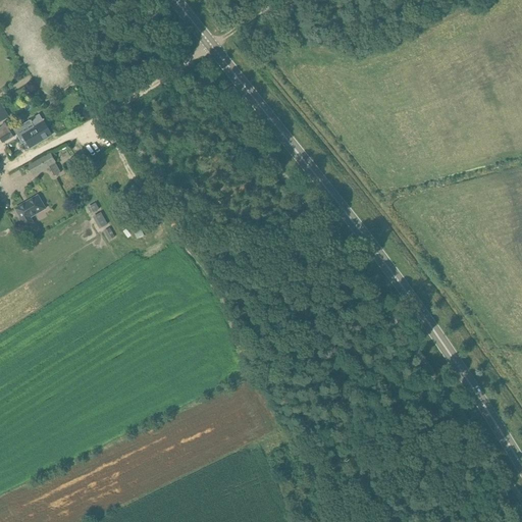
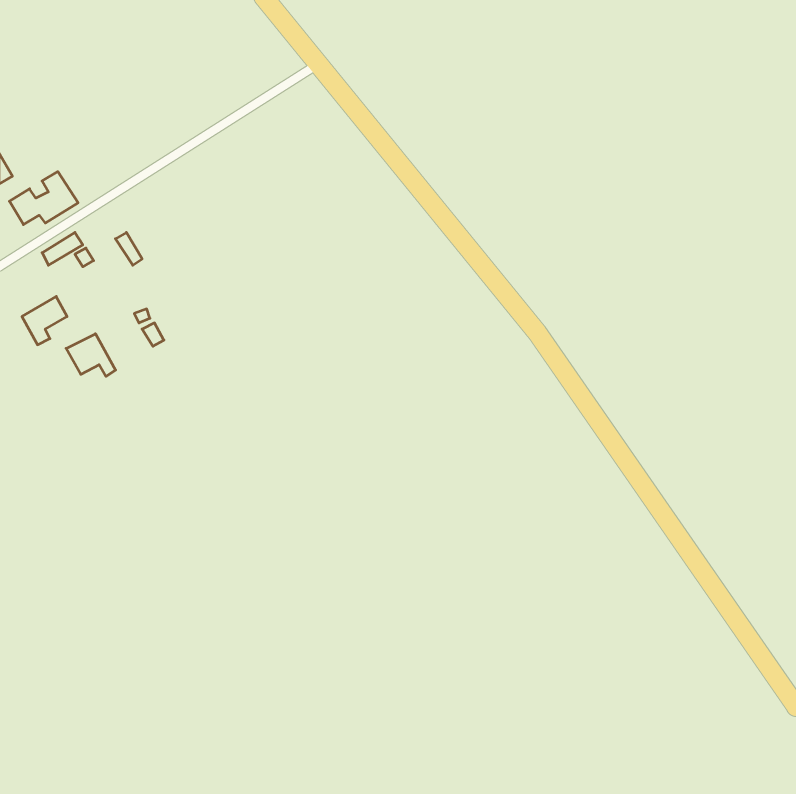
building: none -> [66,334,116,376]

